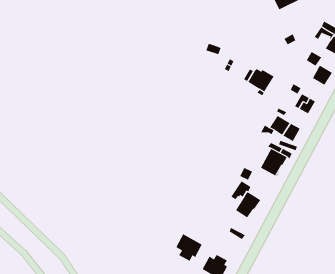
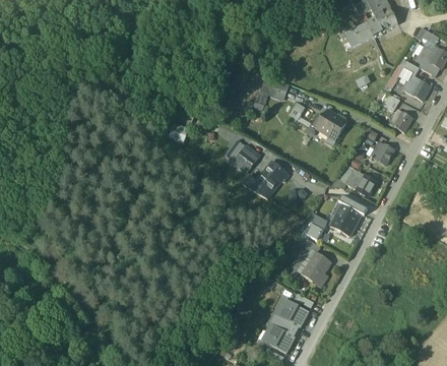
building: none -> [233,144,259,172]
building: none -> [250,161,286,198]
building: [176,234,203,261] -> [277,299,308,330]

